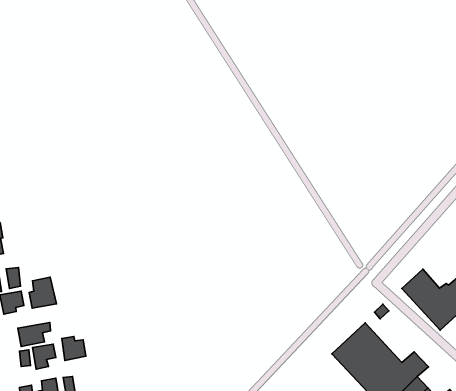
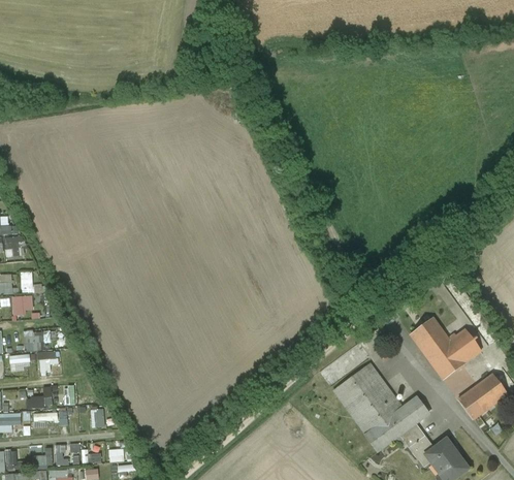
building: [29,277,56,308] -> none
building: [62,336,86,360] -> none

